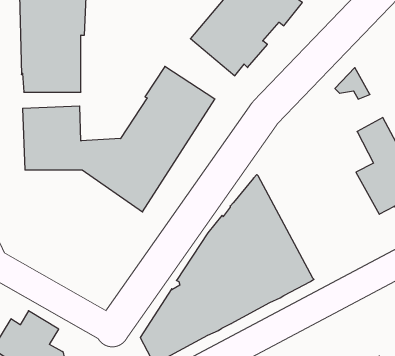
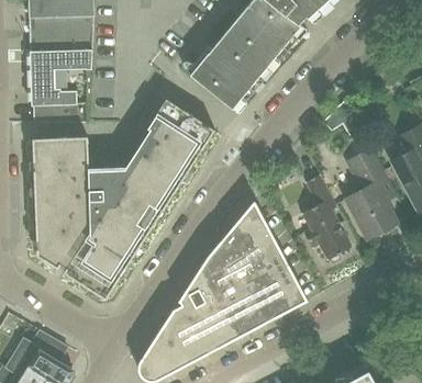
building: none -> [302,176,352,262]
building: none -> [34,196,145,298]

